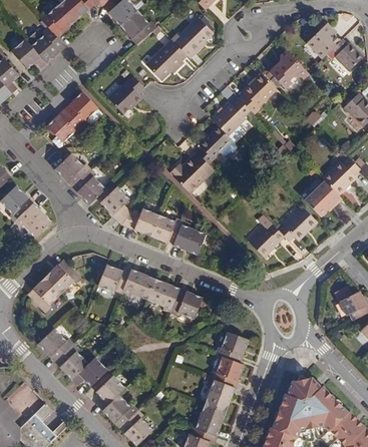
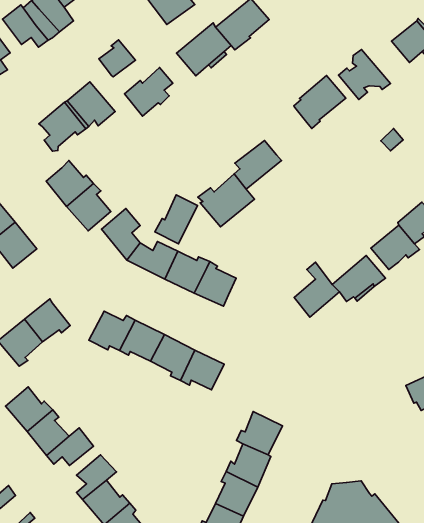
building: none -> [99,40,136,77]
building: [212,98,250,135] -> none
building: none -> [155,195,198,244]

